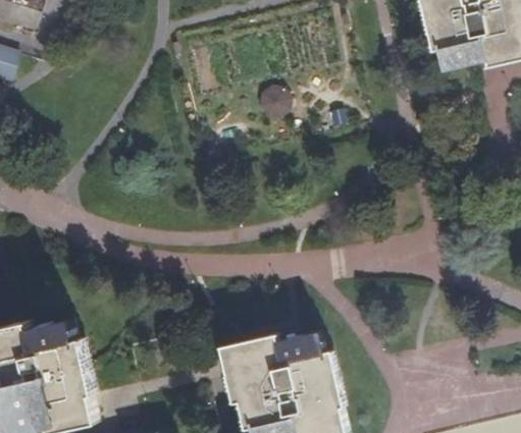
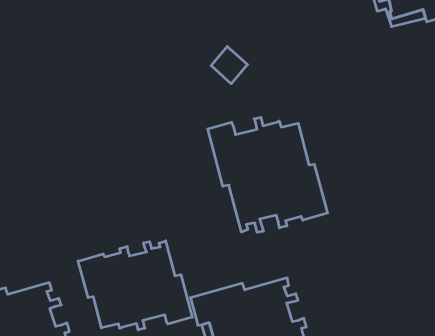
building: none -> [208,117,328,232]
building: none -> [78,241,192,330]

